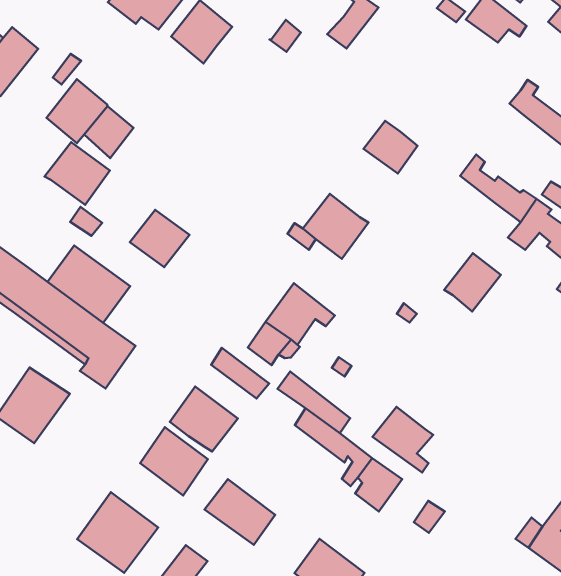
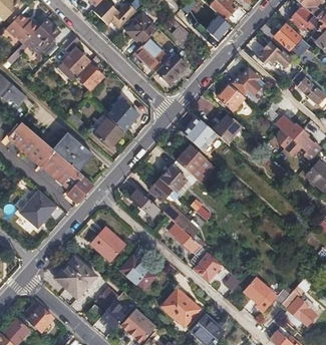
building: none -> [257,41,293,67]
building: none -> [134,38,165,68]
building: none -> [156,53,187,83]
building: none -> [232,67,263,97]
building: [44,142,110,205] -> [106,99,139,131]
building: none -> [176,144,214,181]
building: [444,253,501,311] -> [212,113,241,142]
building: [170,386,238,452] -> none
building: [373,407,433,472] -> none
building: none -> [244,278,273,312]

